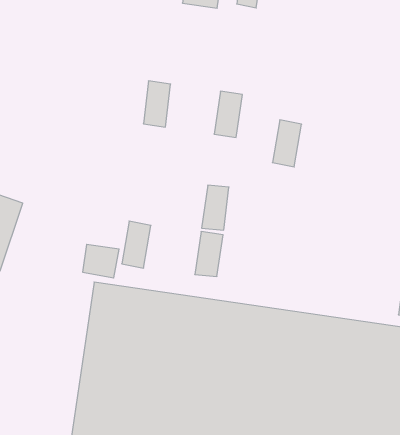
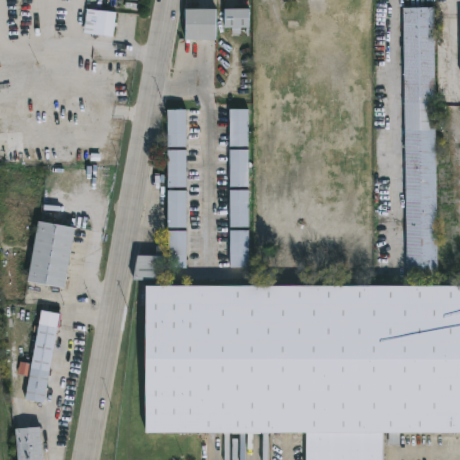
building: [272,120,302,167] -> [229,149,249,187]
building: none -> [167,149,187,186]
building: none -> [168,190,186,227]

